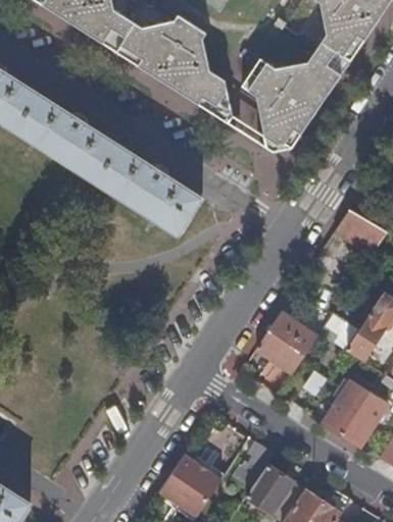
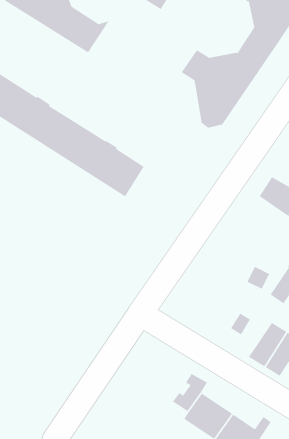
building: [133,16,233,122] -> none
building: [256,312,317,373] -> none
building: [159,454,220,514] -> none

